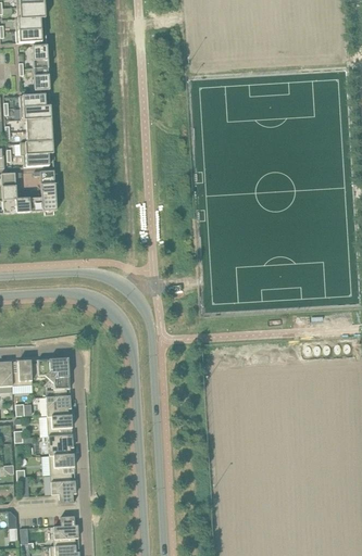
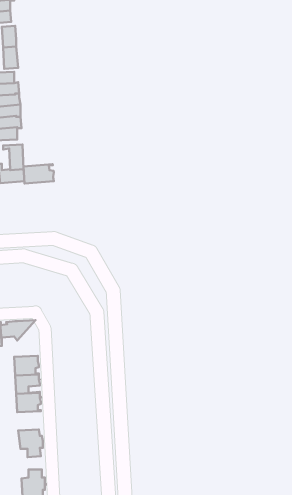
building: none -> [23,164,54,184]
building: [45,357,70,396] -> none
building: [48,454,74,475] -> none

